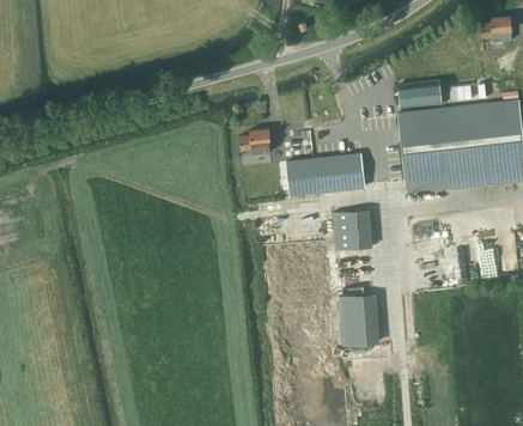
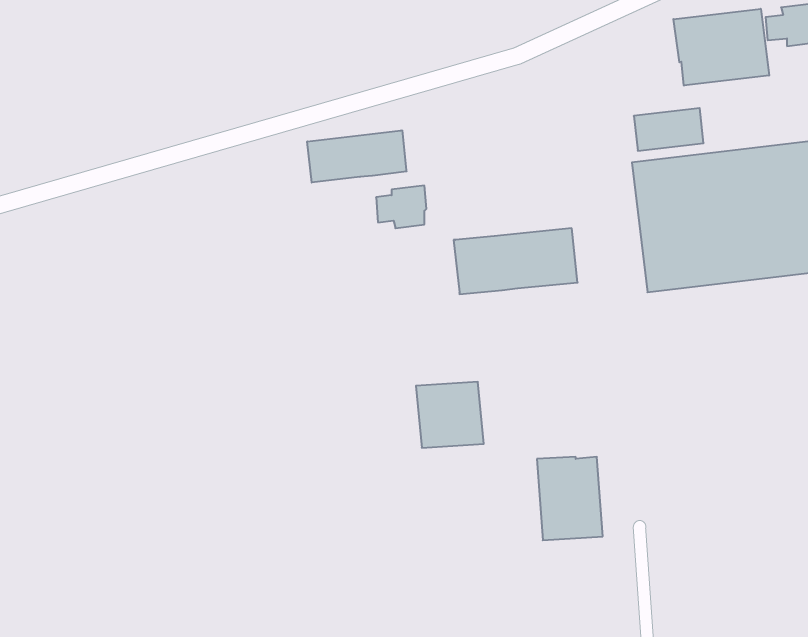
building: none -> [673,9,769,86]
building: none -> [307,130,407,183]
building: [332,209,373,250] -> [416,382,484,448]

